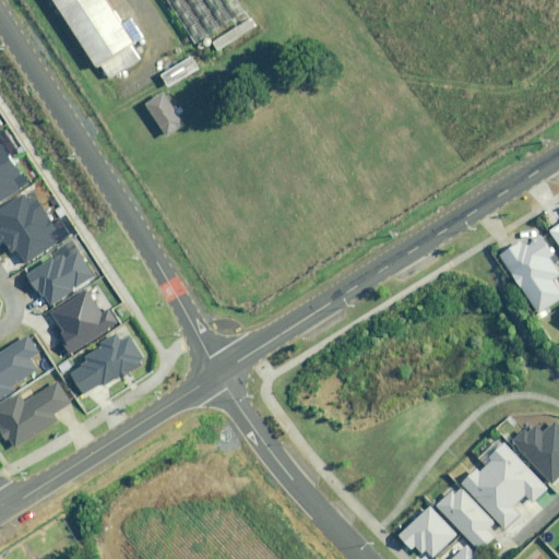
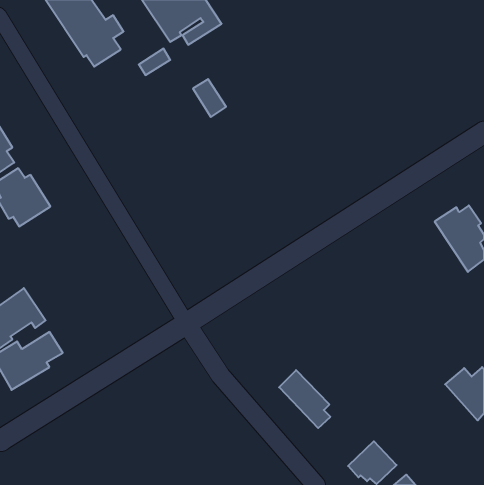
building: [145,93,183,136] -> [193,79,226,117]
building: [25,251,92,301] -> none
building: [46,292,119,354] -> none
building: [70,334,143,396] -> none
building: [462,439,546,527] -> none
building: [435,483,493,549] -> [279,370,330,428]

